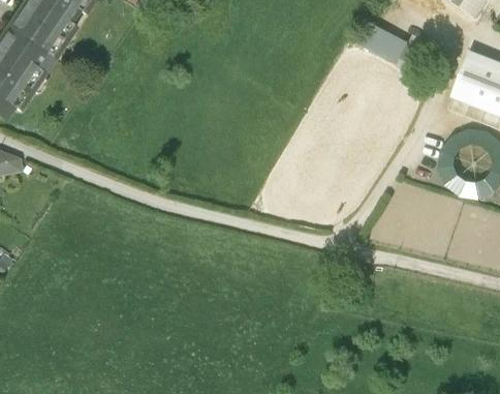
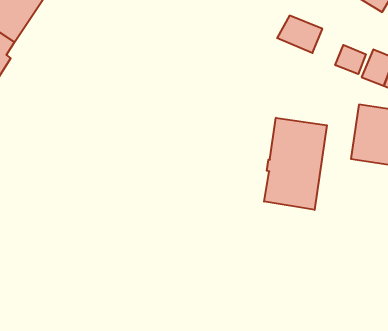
building: none -> [335,45,366,74]
building: none -> [264,118,327,210]

